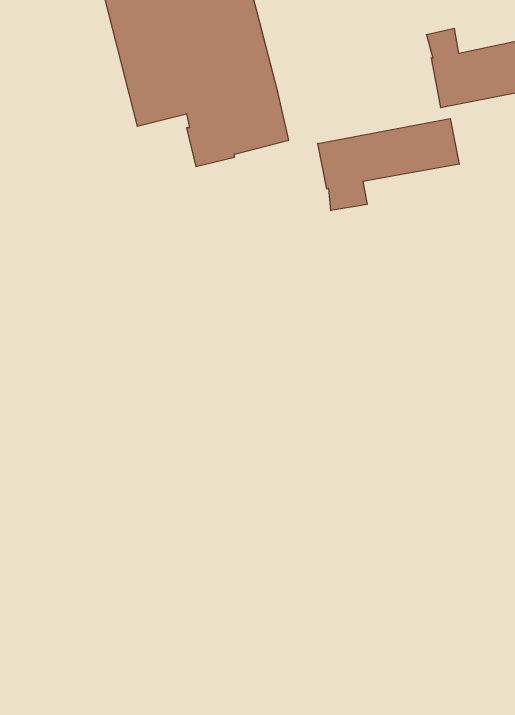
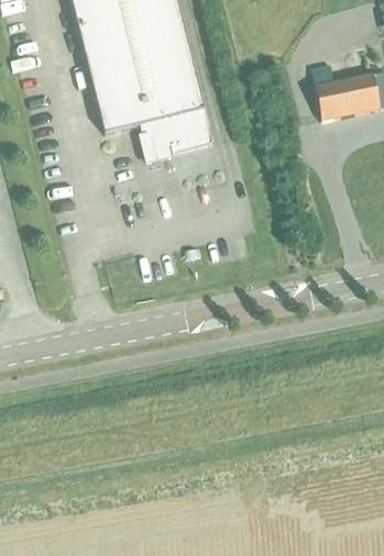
building: [318,119,459,211] -> none

